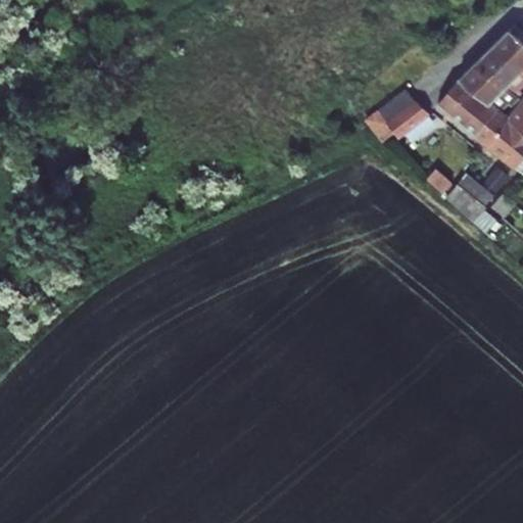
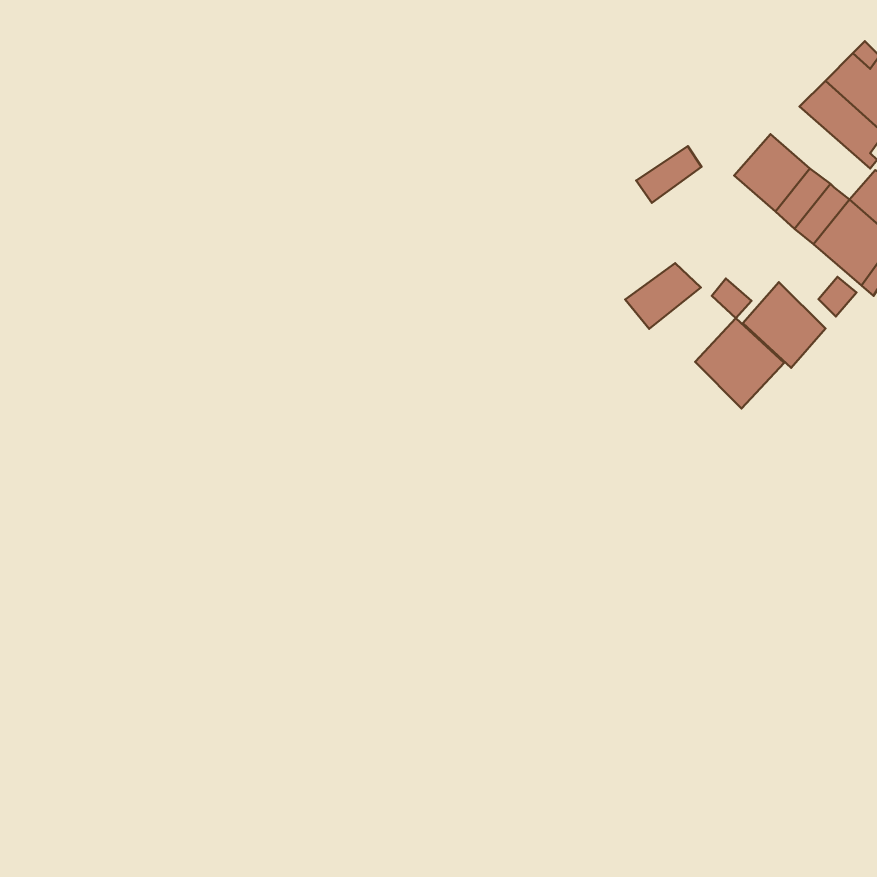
building: [459,64,518,112] -> none
building: [388,100,433,139] -> [625,263,701,329]
building: none -> [695,318,784,408]

